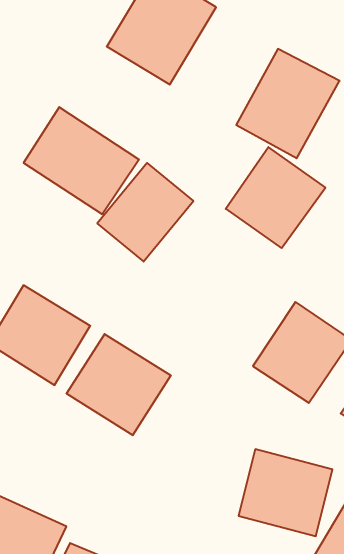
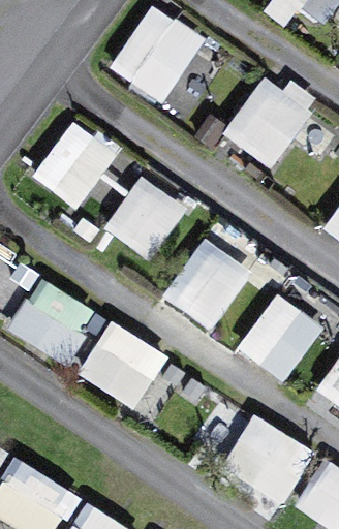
building: [226,147,325,248] -> [163,245,250,333]

